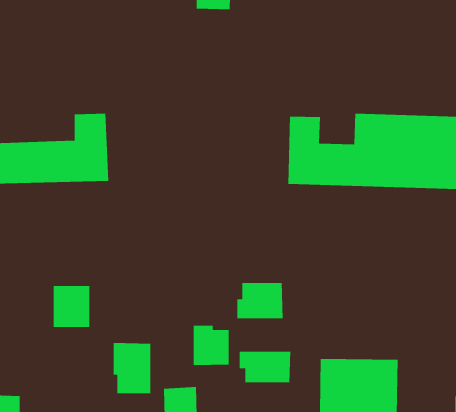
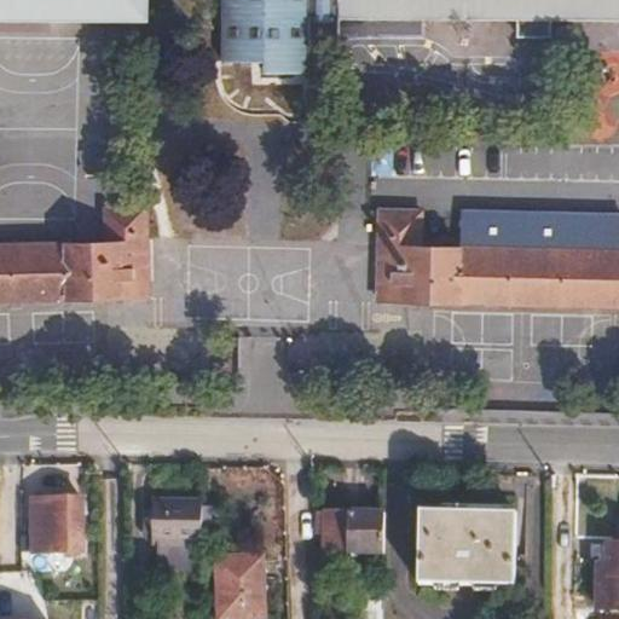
building: [237,282,283,319] -> none
building: [53,286,90,328] -> [30,499,79,554]
building: [193,325,229,366] -> none

